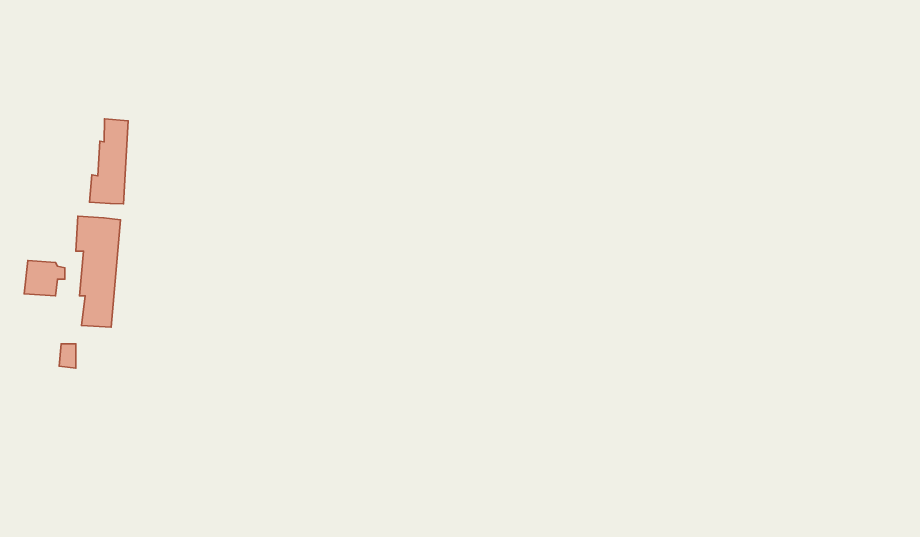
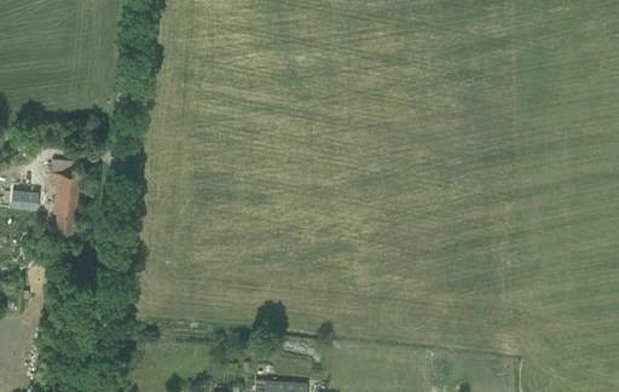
building: [89,119,128,204] -> none

